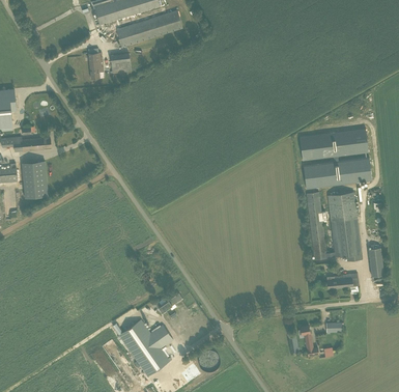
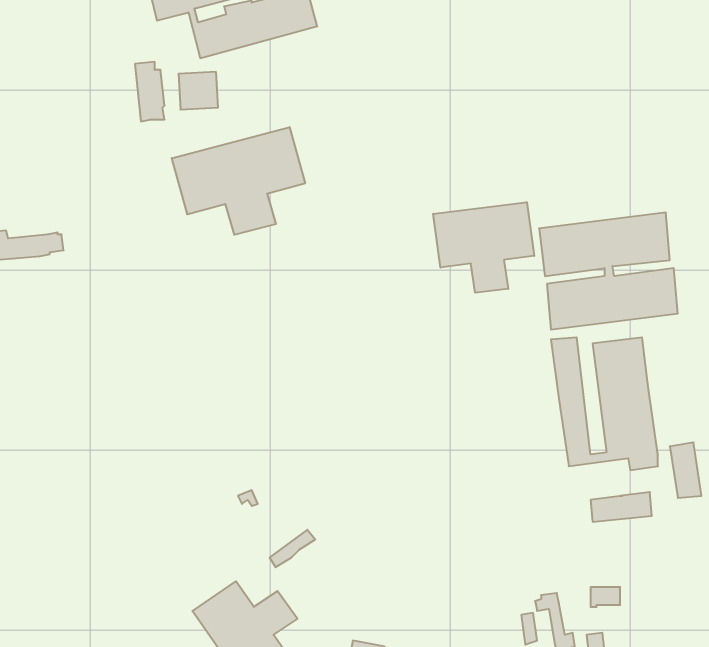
building: none -> [172,127,305,235]
building: none -> [433,202,534,293]
building: [21,160,47,198] -> none

